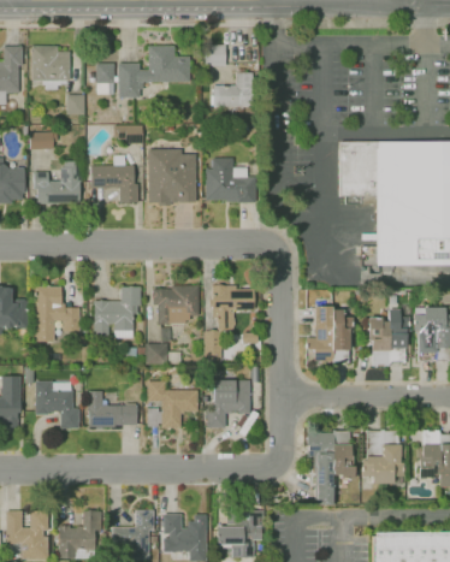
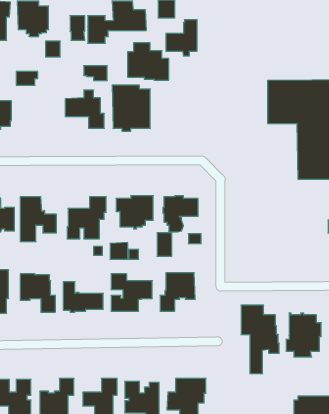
building: [206,158,256,203] -> [128,43,169,80]
building: [34,161,81,205] -> none
building: [367,304,409,366] -> none
building: [306,306,353,361] -> none

